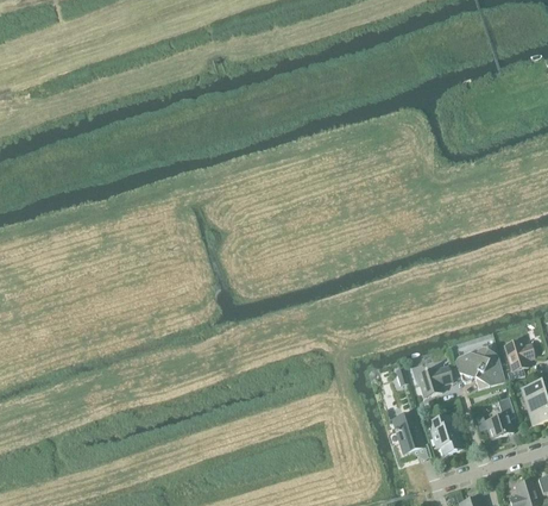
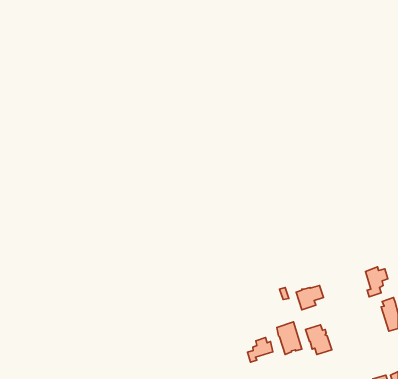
building: [455,346,504,388] -> none
building: [485,396,515,438] -> none
building: none -> [248,337,273,362]

